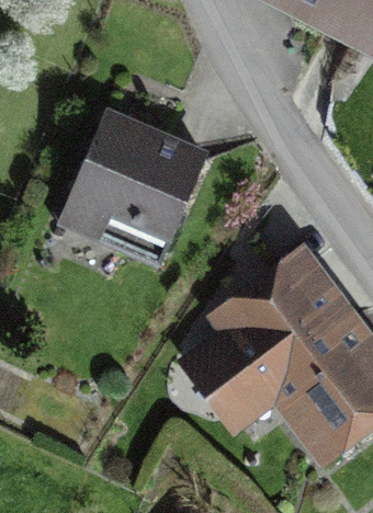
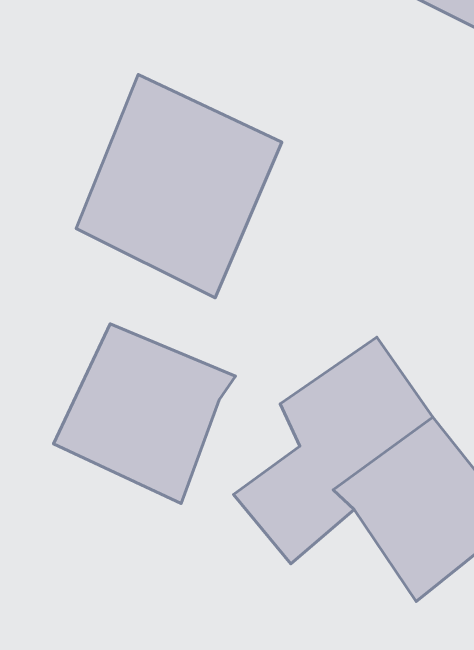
building: none -> [53,324,236,504]

